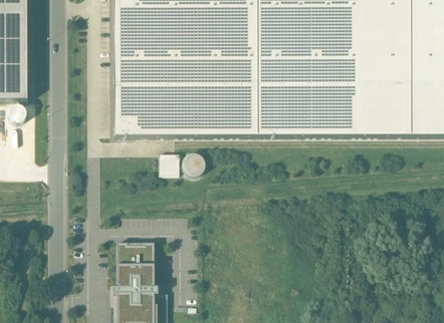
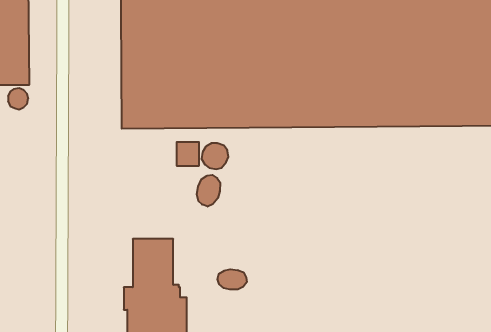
building: none -> [197,175,220,207]
building: none -> [218,269,247,289]

